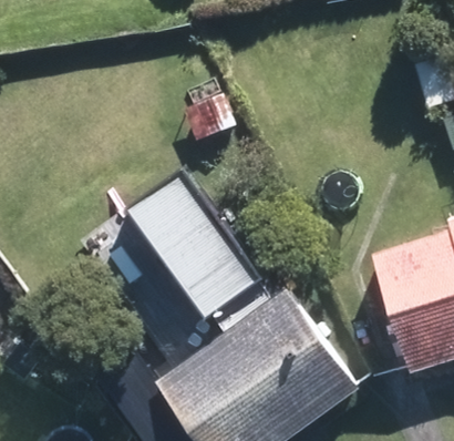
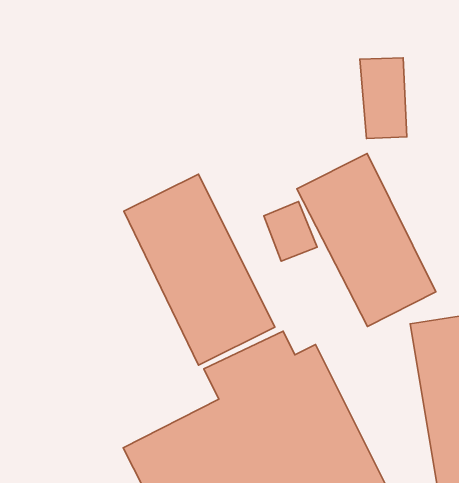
building: none -> [297,154,436,326]

